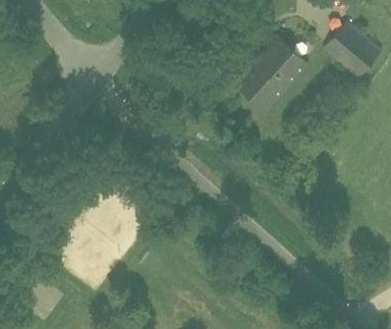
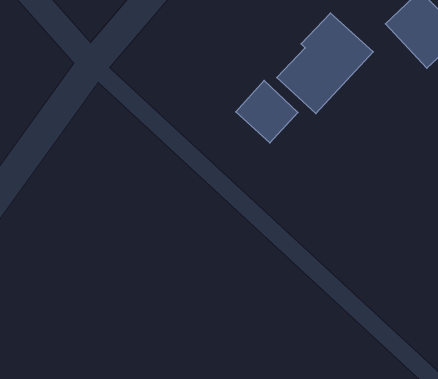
building: none -> [236,81,298,143]

